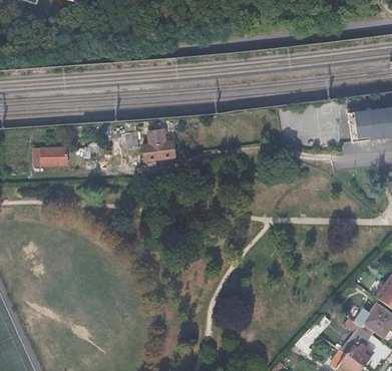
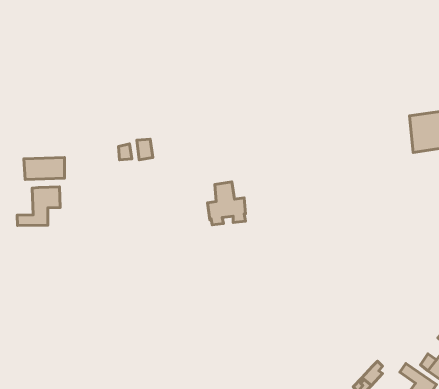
building: [143,129,174,164] -> [207,182,245,225]
building: none -> [17,187,60,225]

